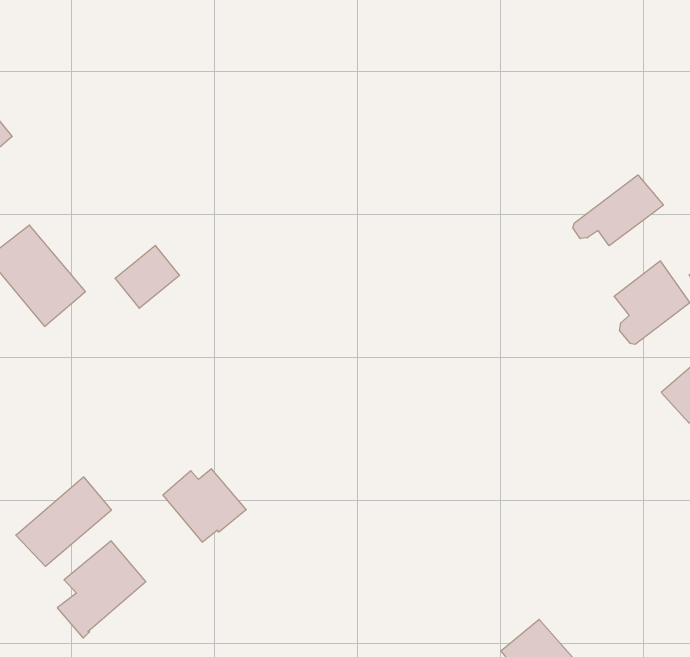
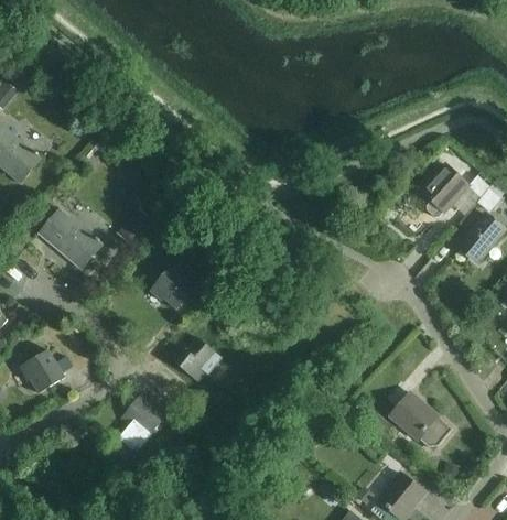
building: [573,175,663,246] -> none
building: none -> [150,264,196,308]
building: [16,477,111,566] -> none

